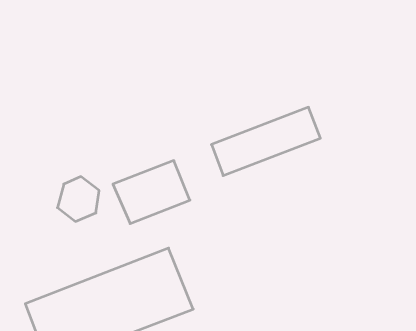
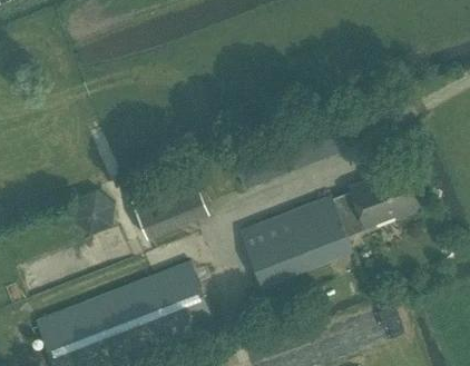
building: none -> [237,170,413,284]

